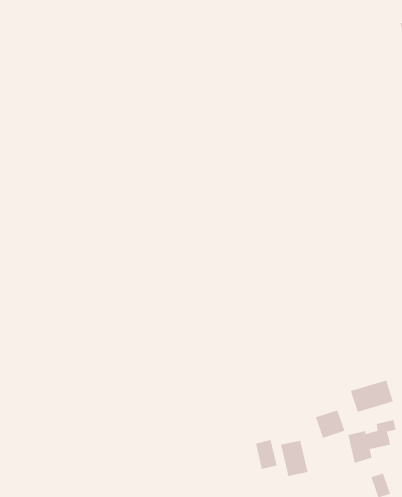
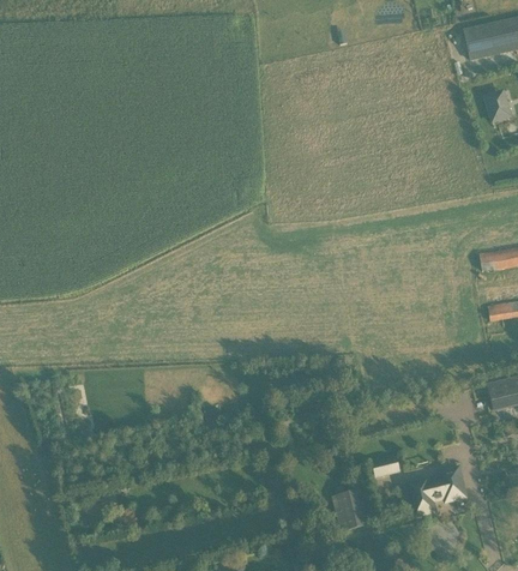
building: [350,380,394,413] -> none
building: [255,439,277,470] -> none

